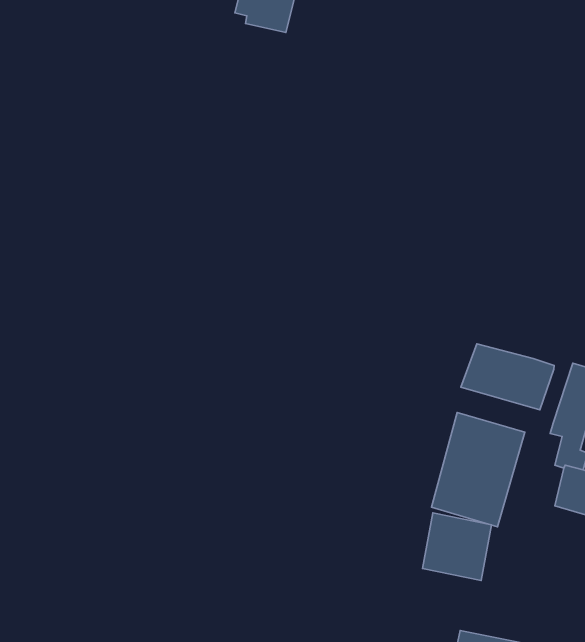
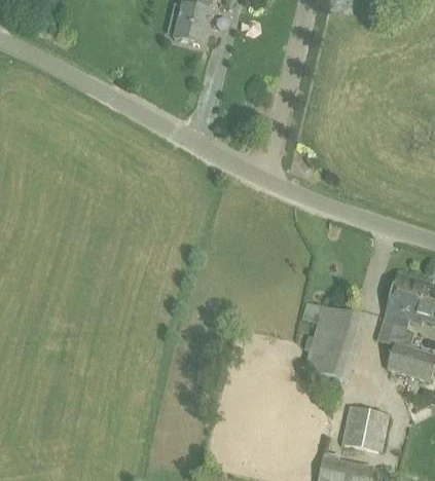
building: [461,344,554,410] -> none
building: [422,513,492,581] -> [341,404,389,450]

